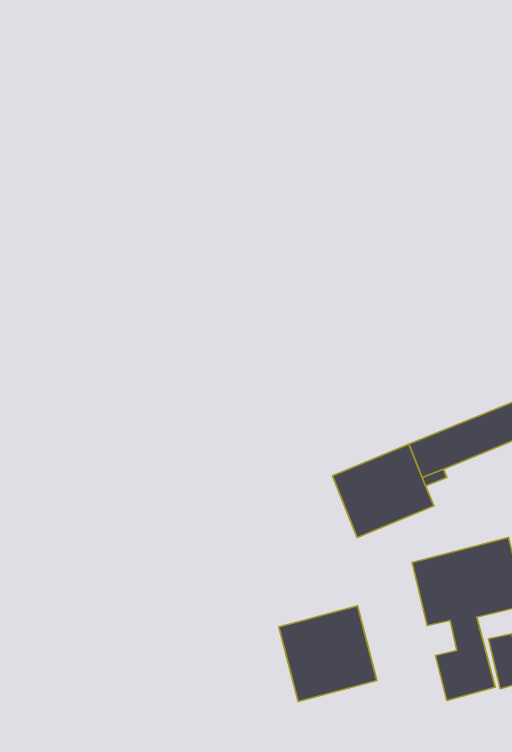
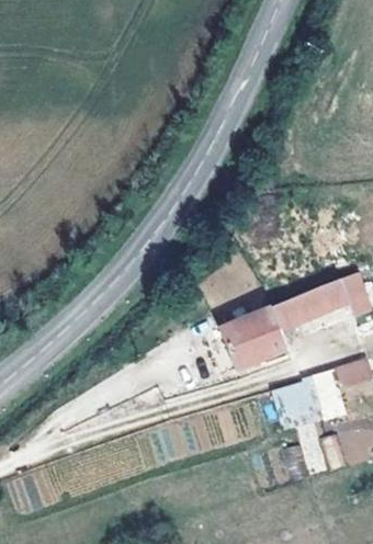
building: [279,606,377,701] -> none

